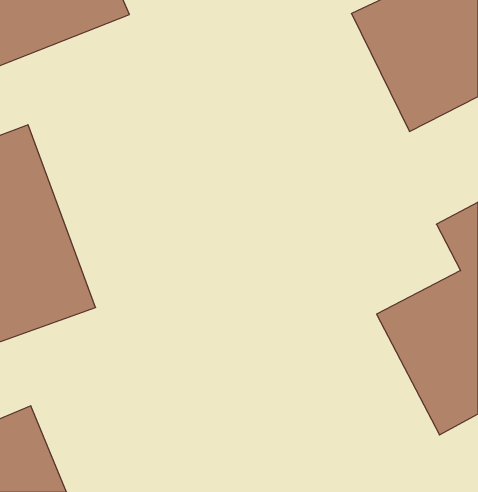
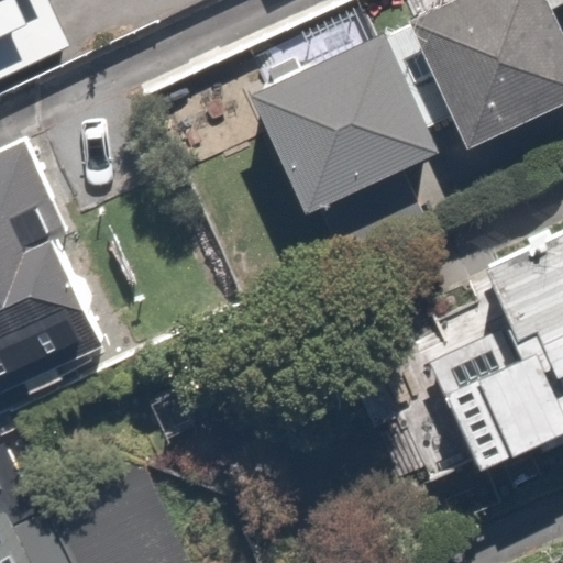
building: none -> [255,15,466,222]

